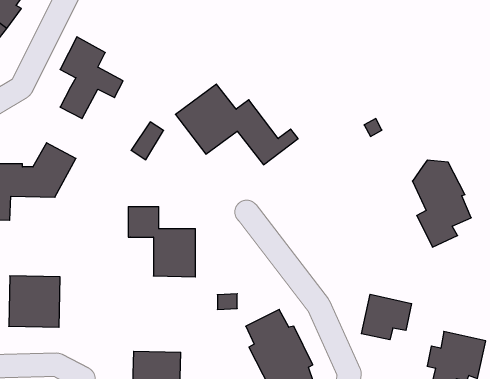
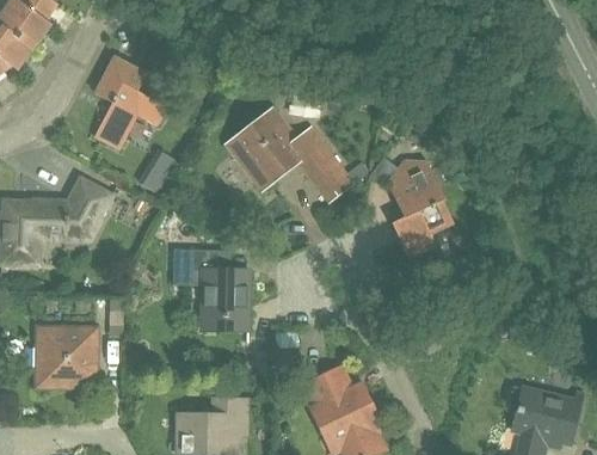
building: [131,122,164,160] -> [139,149,176,192]
building: [412,160,471,247] -> [386,159,453,258]
building: [361,294,412,340] -> none

